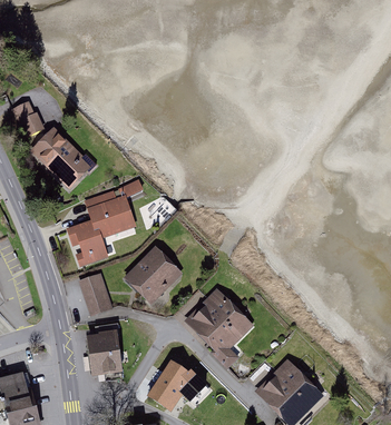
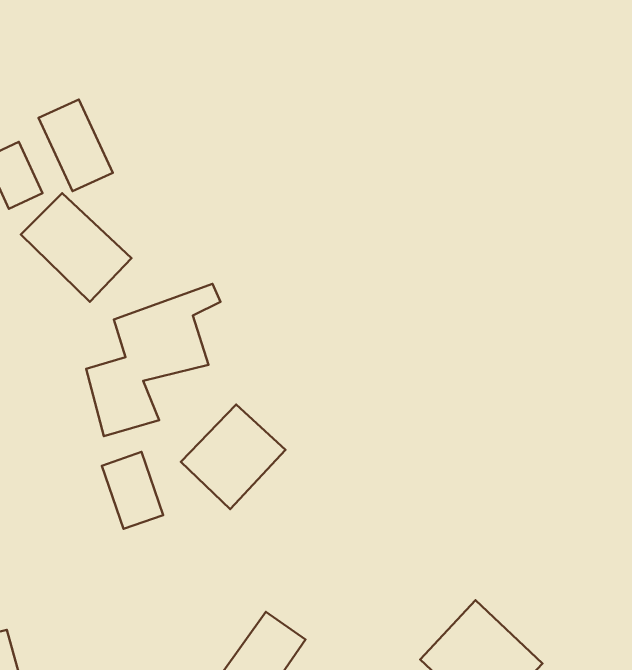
building: none -> [39,100,113,191]
building: [185,284,254,365] -> none
building: [87,333,121,376] -> none

